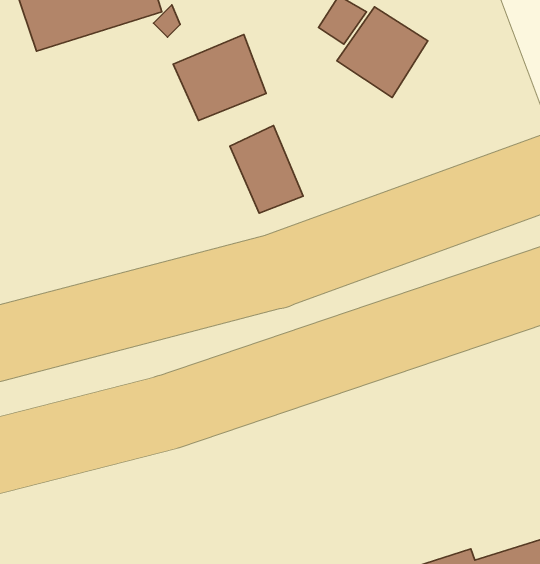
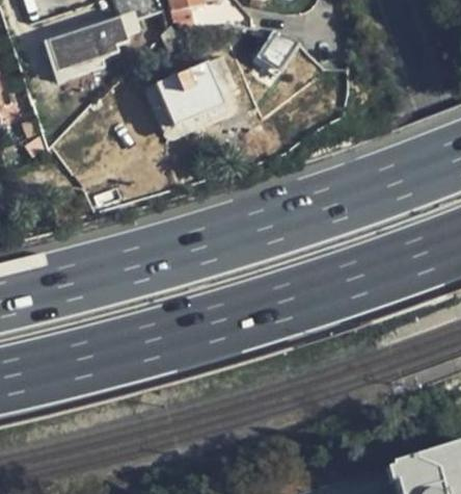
building: [337,7,428,98] -> none
building: [230,126,303,213] -> none

